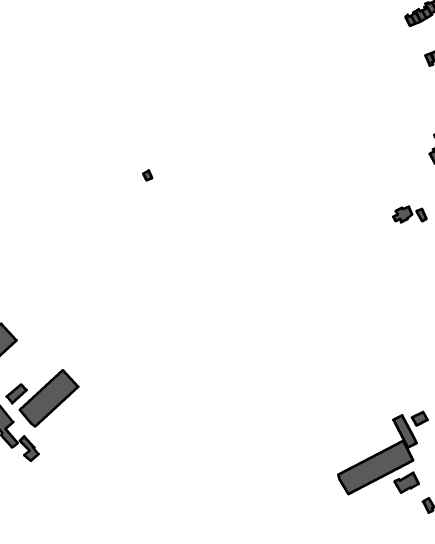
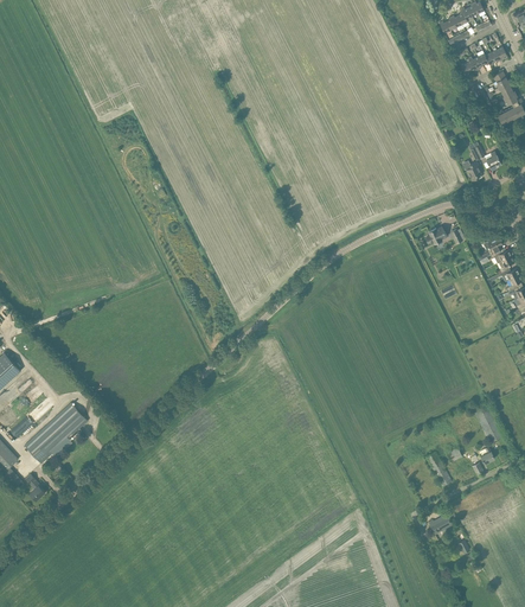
building: [338,441,413,494] -> none

